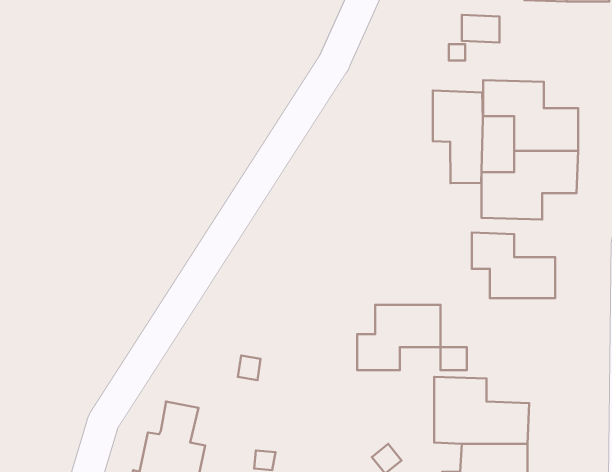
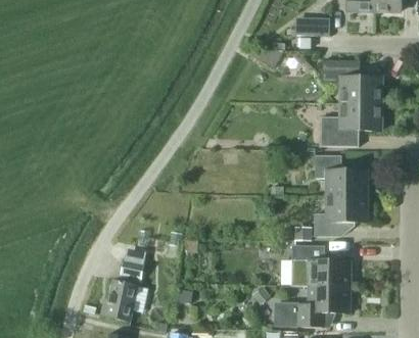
building: [433,90,483,183] -> none
building: [357,305,441,370] -> [314,195,366,236]

